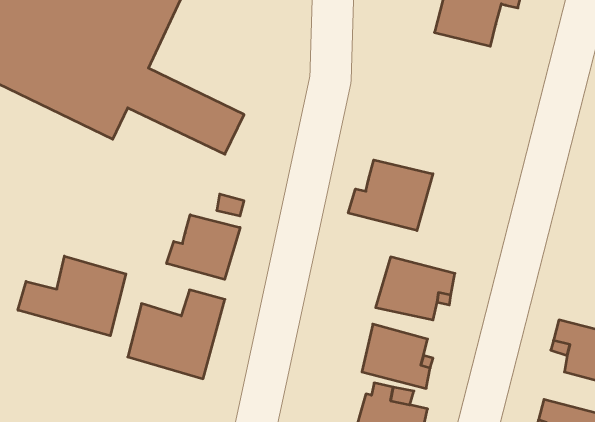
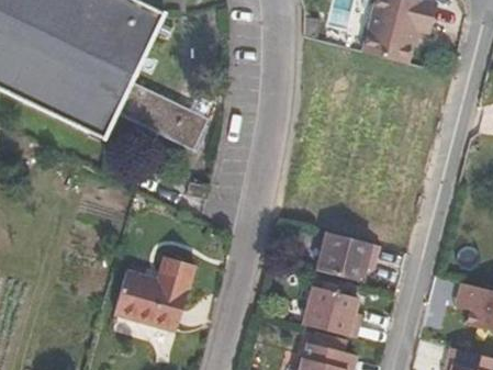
building: [348,160,433,231] -> none
building: [167,215,240,279] -> none
building: [18,256,126,336] -> none

